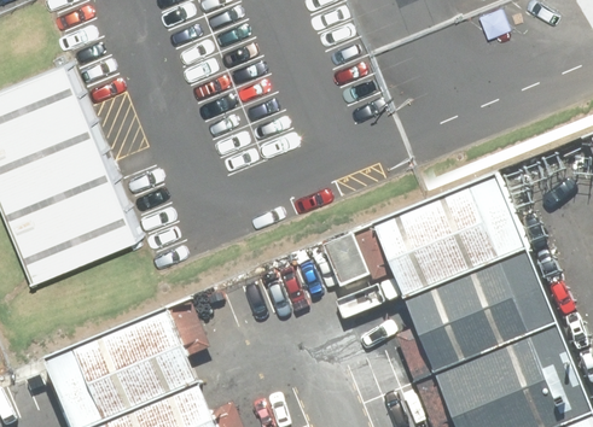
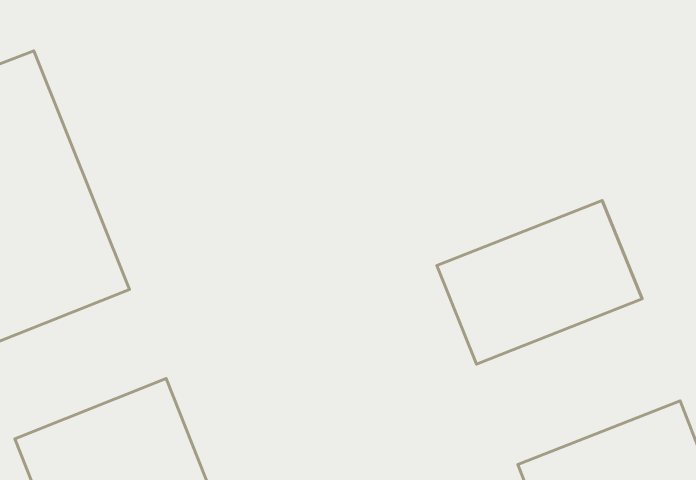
building: [402,250,557,375] -> none

